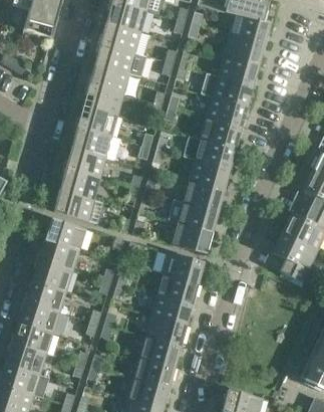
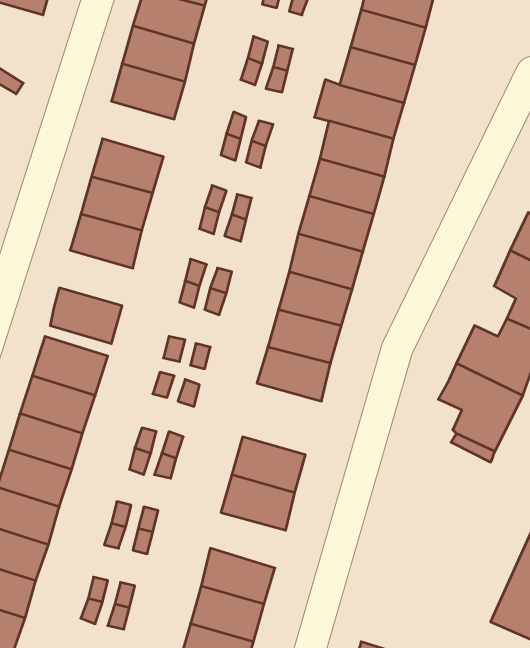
building: [84,84,124,116] -> none
building: [60,168,101,199] -> none
building: [163,250,204,282] -> none
building: [144,315,187,346] -> none

